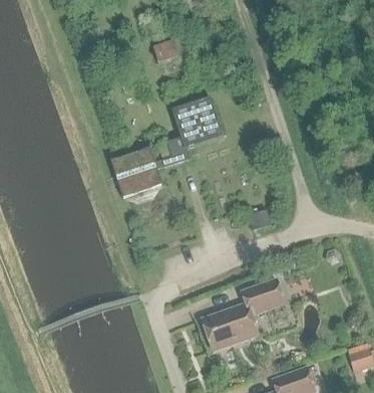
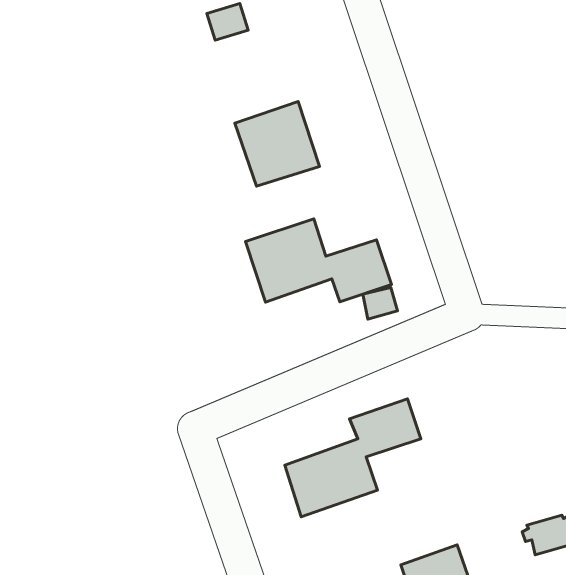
building: [110,146,161,196] -> none
building: none -> [245,219,392,302]

